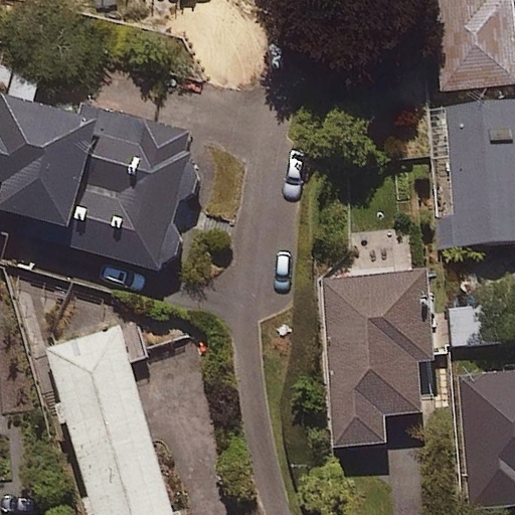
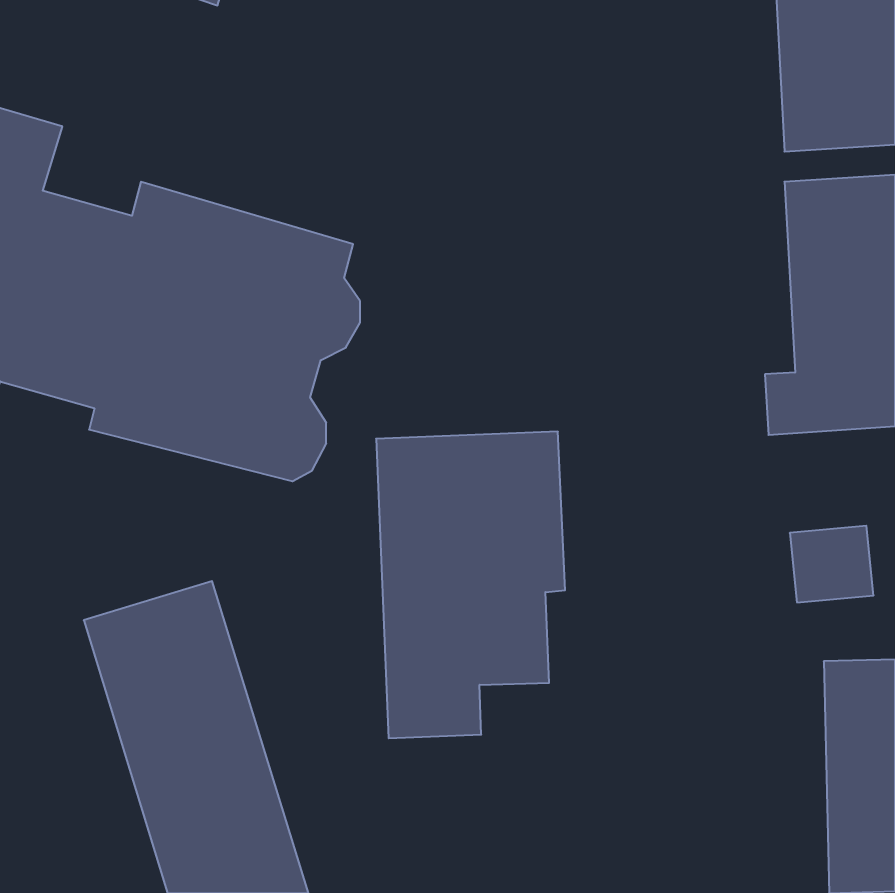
building: [325,274,432,447] -> [376,432,565,738]

